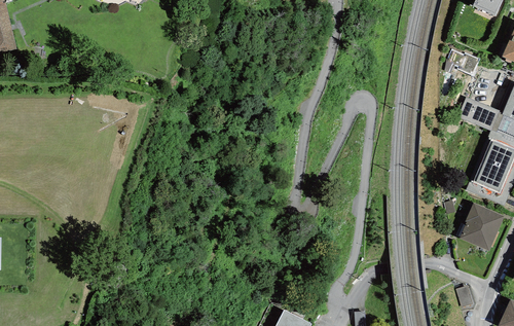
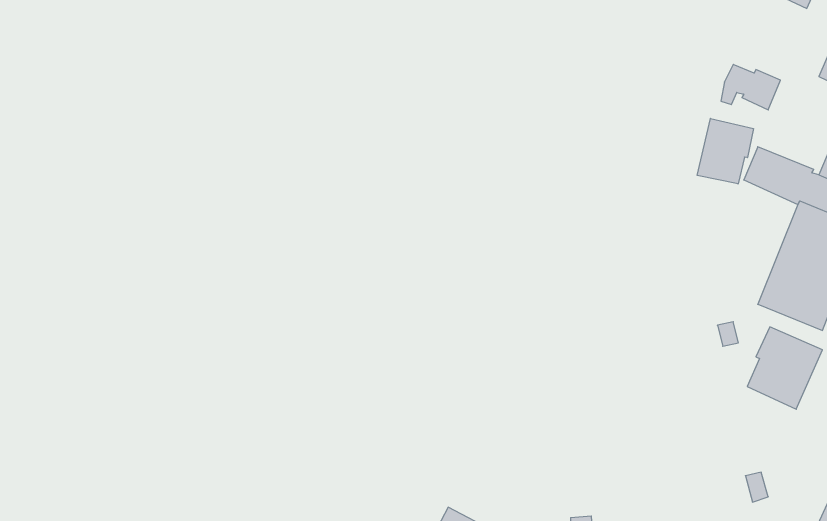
building: none -> [697,118,753,184]

